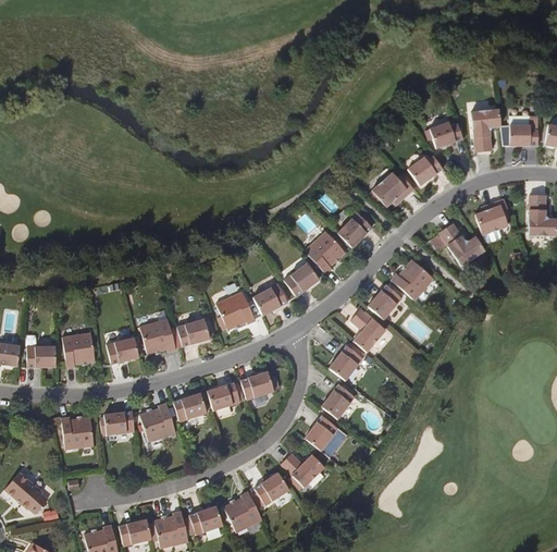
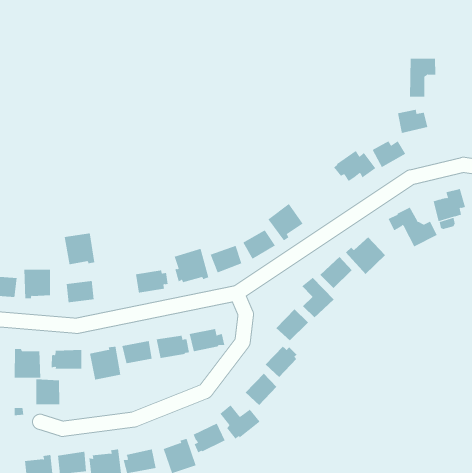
building: [470,108,499,151] -> [409,58,436,97]
building: [337,213,373,247] -> none
building: [138,319,174,355] -> [64,233,95,265]
building: none -> [36,379,60,405]

